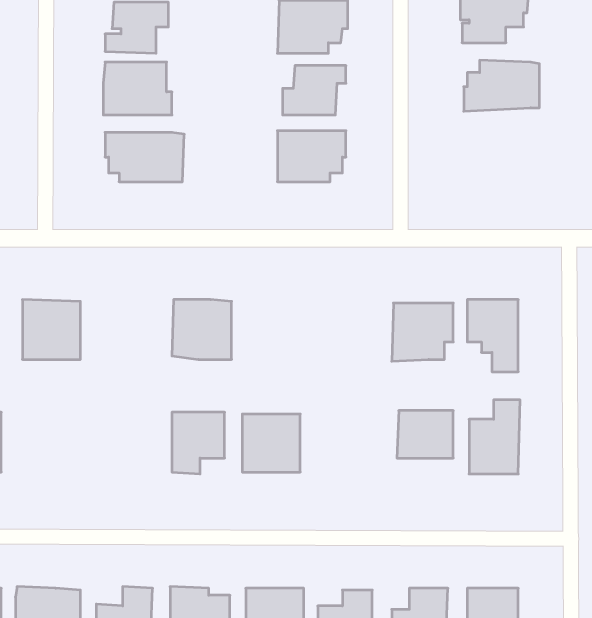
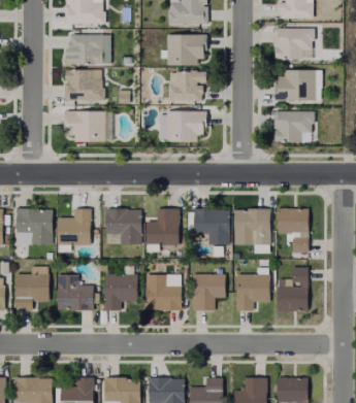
building: none -> [270,113,311,144]
building: none -> [58,209,91,253]
building: none -> [147,209,180,245]
building: none -> [194,210,230,245]
building: none -> [17,267,47,310]
building: none -> [58,275,94,310]
building: none -> [193,275,226,311]

